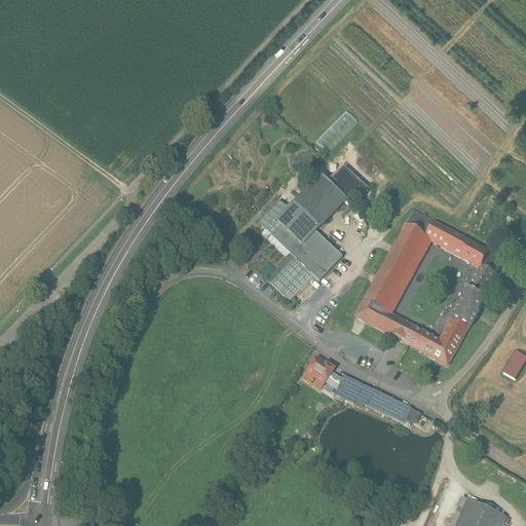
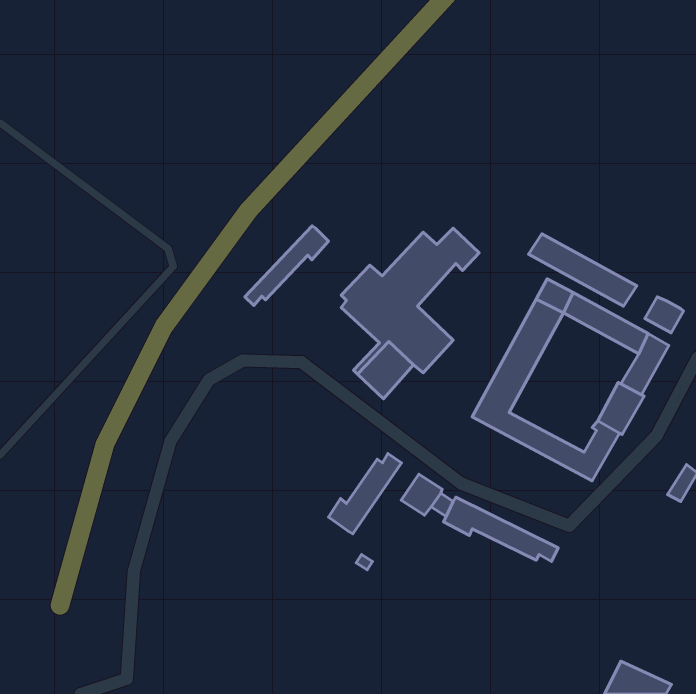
building: none -> [245,226,329,305]
building: none -> [529,234,637,306]
building: none -> [645,297,684,333]
building: none -> [329,454,401,534]

